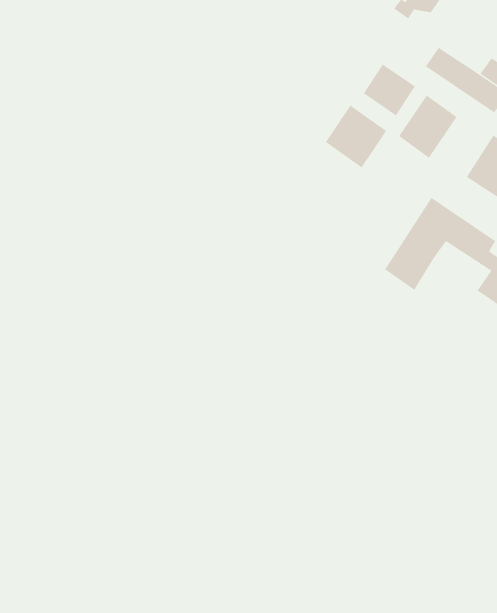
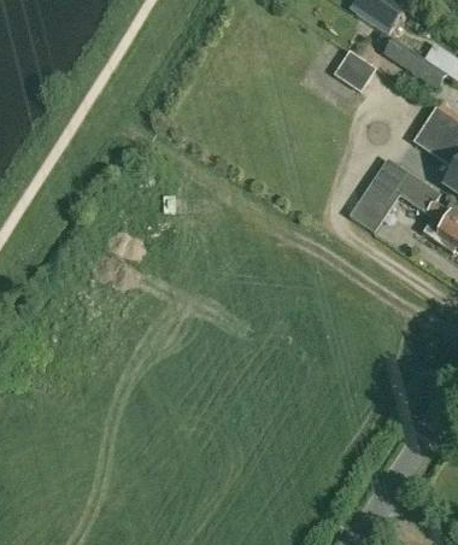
building: [398,94,458,159] -> none
building: [325,104,387,168] -> none

